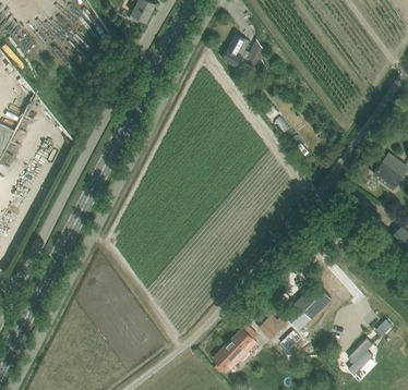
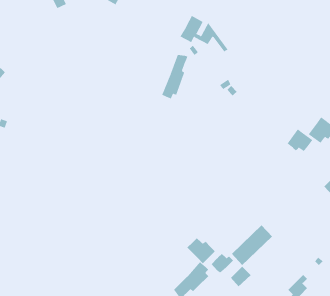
building: none -> [161,54,188,99]
building: none -> [287,128,313,152]
building: none -> [187,238,215,264]

